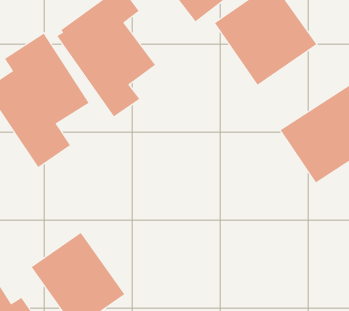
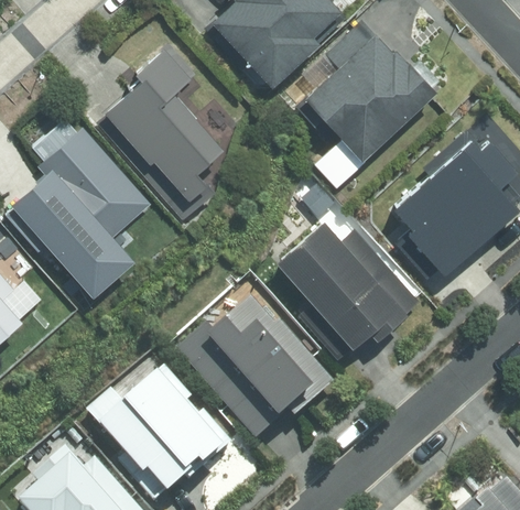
building: none -> [272,221,412,365]
building: none -> [184,293,331,442]

